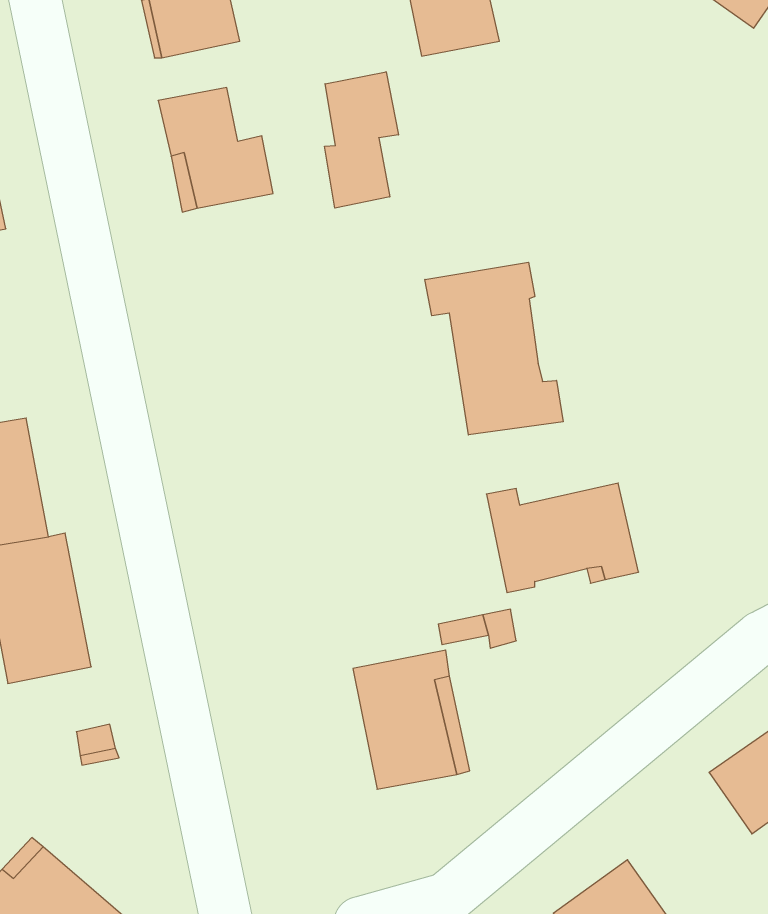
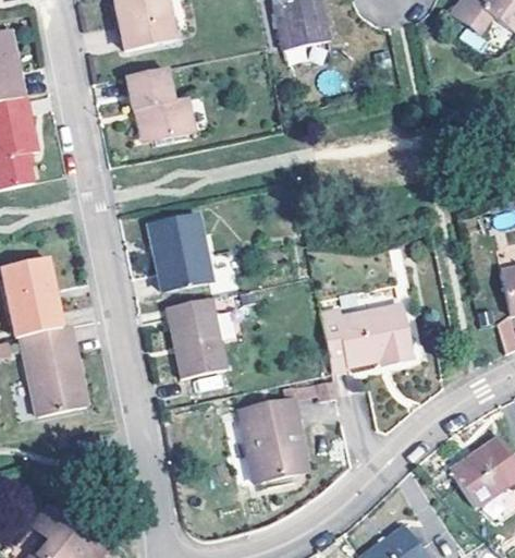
building: [325,72,398,208] -> none
building: [425,262,563,435] -> none
building: none -> [150,213,211,289]
building: none -> [165,295,229,375]

